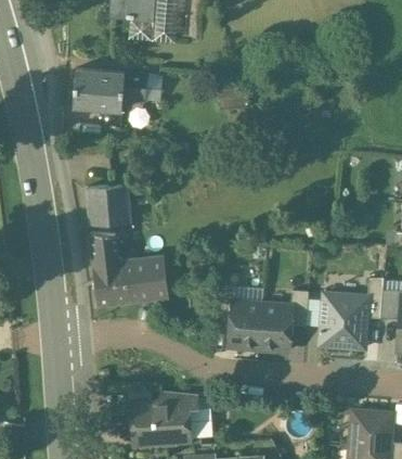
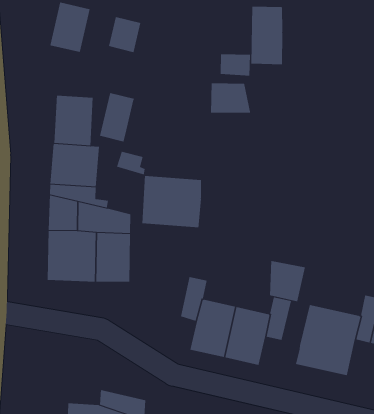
building: none -> [251,6,283,65]
building: [99,72,125,112] -> [99,92,136,142]
building: none -> [211,83,251,113]
building: none -> [54,95,93,146]
building: none -> [142,175,202,228]
building: none -> [269,260,305,302]

